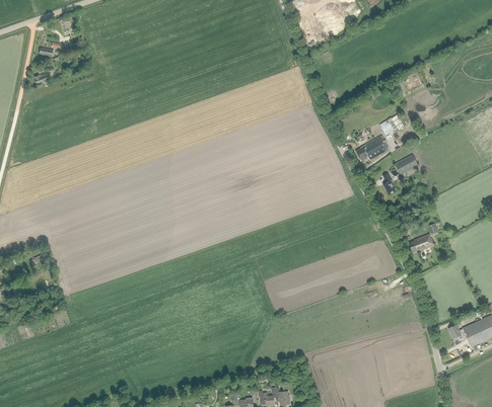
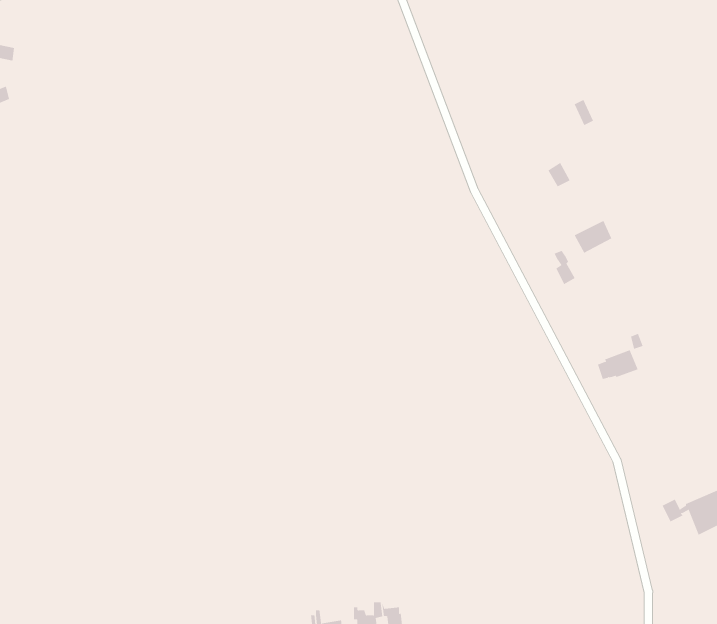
building: [356,135,390,160] -> none

